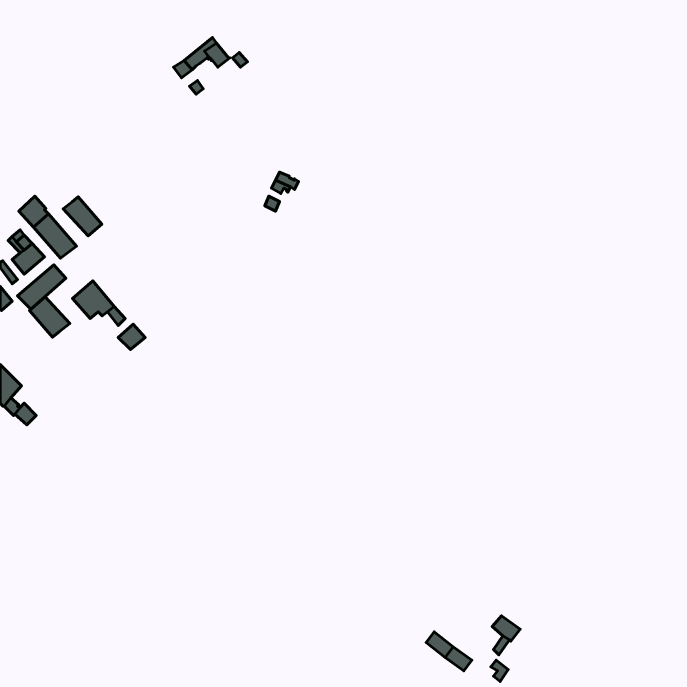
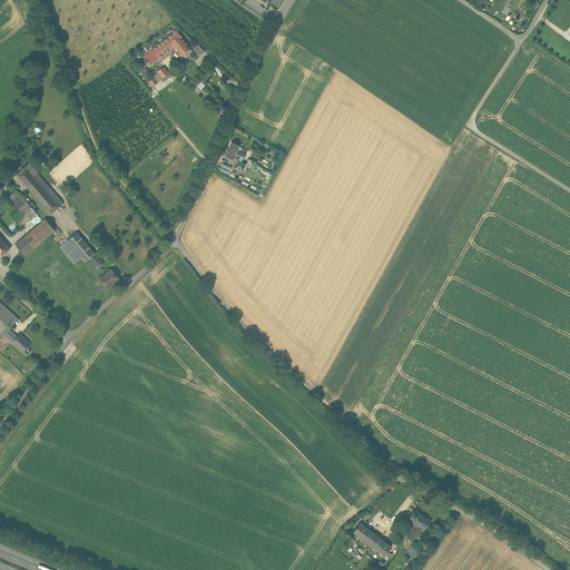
building: [63,197,102,236] -> none
building: [29,297,70,337] -> none

